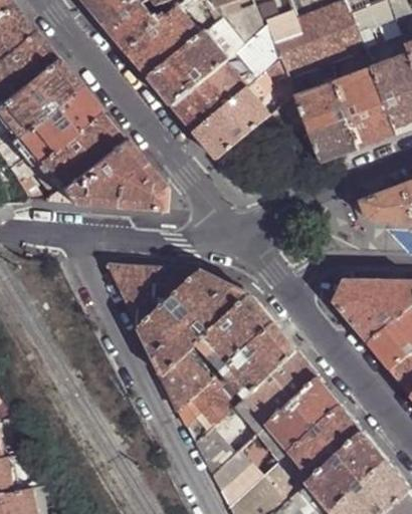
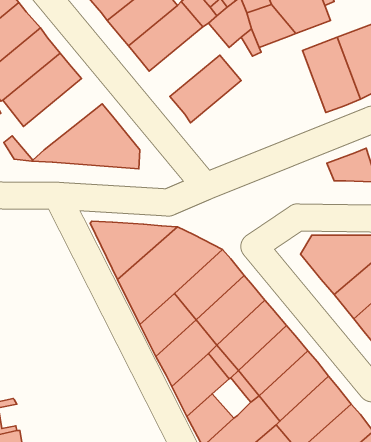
building: [171,60,246,132] -> none
building: [295,82,360,164] -> none
building: [36,112,121,189] -> none

